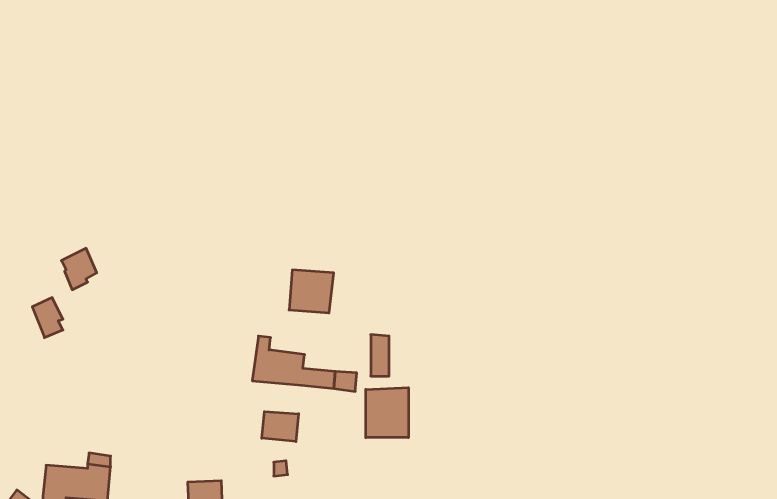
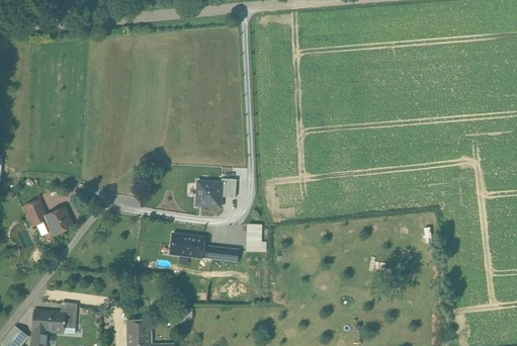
building: [61,248,97,290] -> [47,207,70,235]
building: [366,388,408,438] -> none
building: [262,412,299,442] -> none

